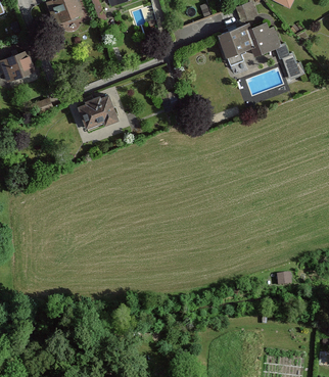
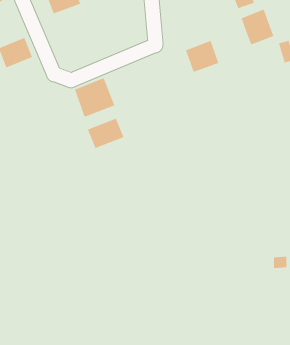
building: [218,22,252,55] -> [185,40,219,72]
building: none -> [87,118,124,149]

